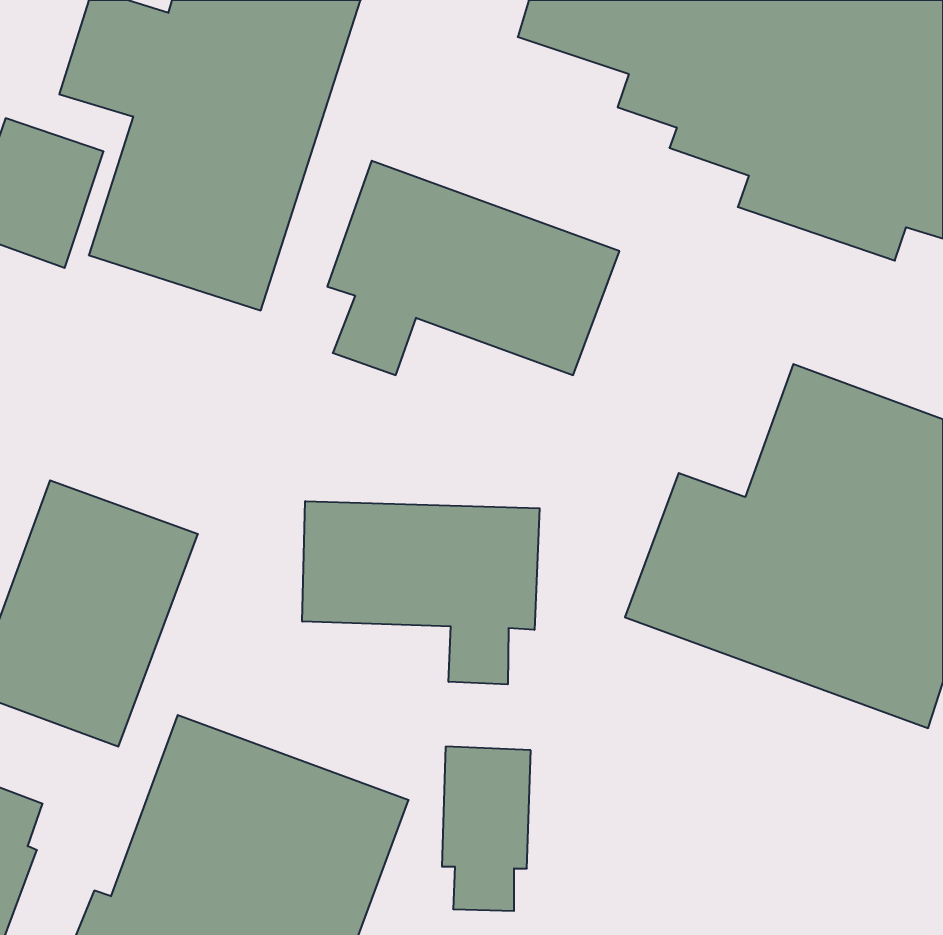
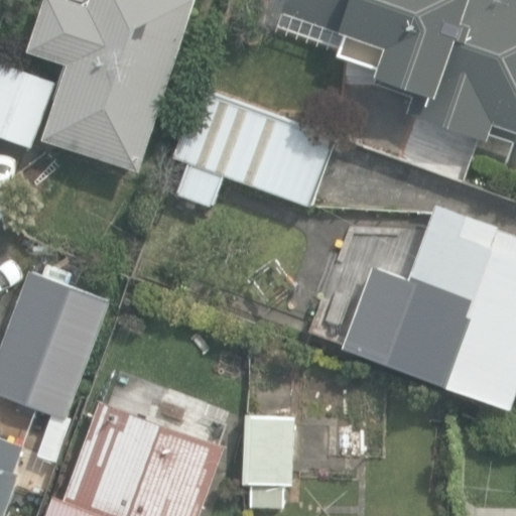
building: [302,501,540,684] -> none

